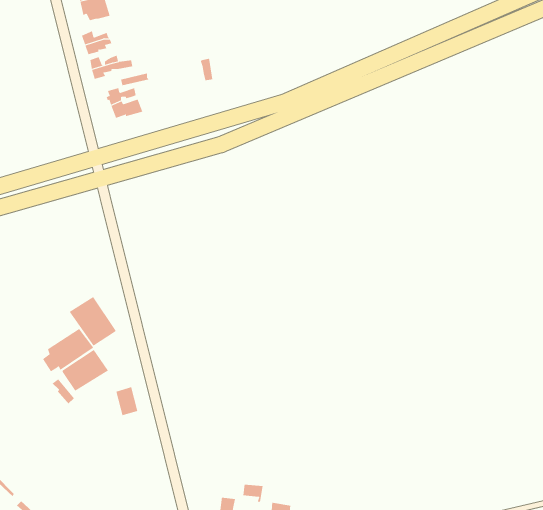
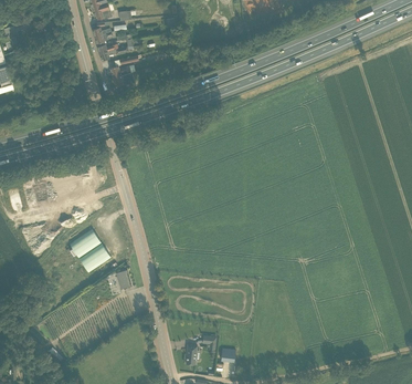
building: [69,296,116,346] -> none

